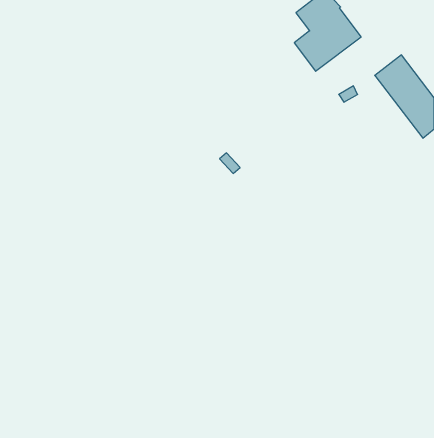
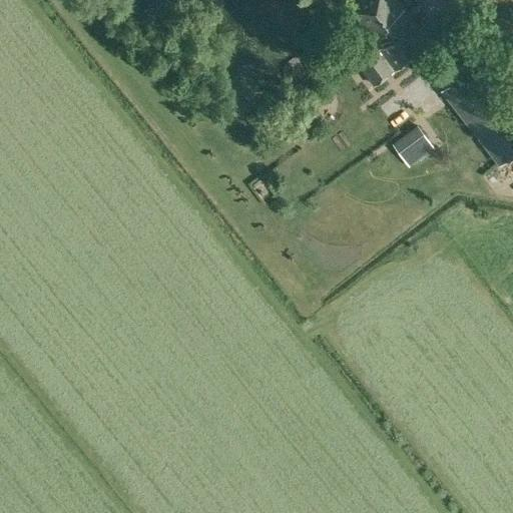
building: none -> [400,128,439,166]

